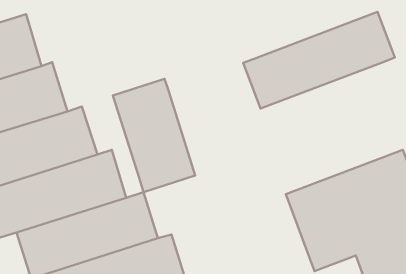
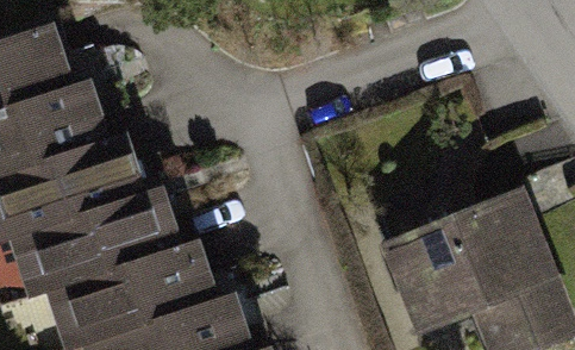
building: [243,12,395,108] -> none
building: [113,79,195,192] -> none

